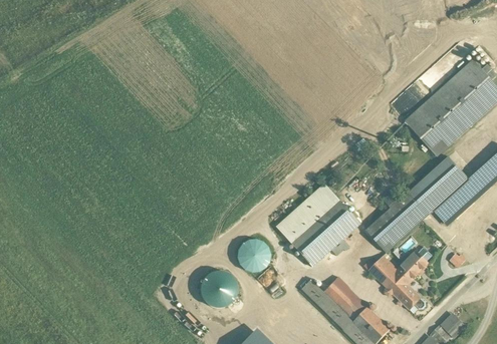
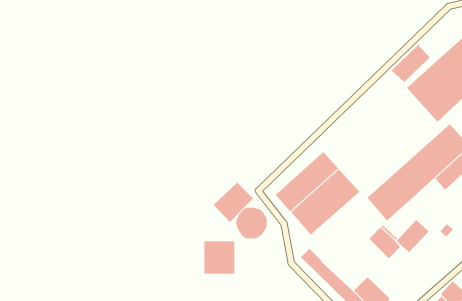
building: none -> [213,182,254,223]
building: [321,277,366,321] -> none
building: [386,278,425,310] -> none

